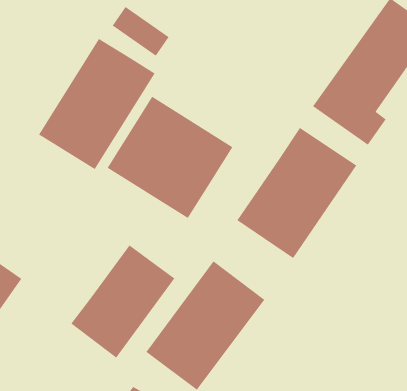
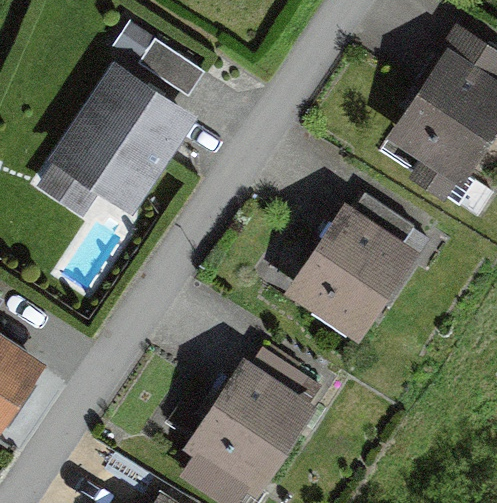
building: [107,96,233,219] -> none
building: [71,244,175,358] -> none

